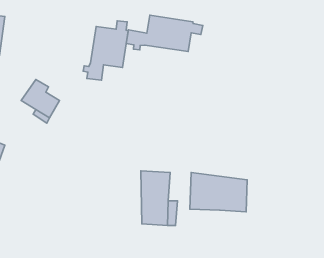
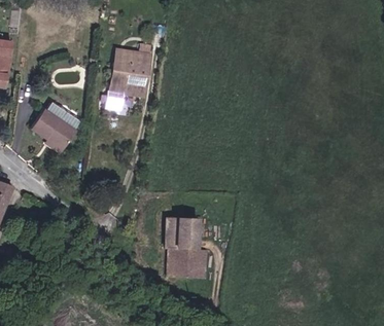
building: [126,15,203,52] -> none
building: [190,172,247,212] -> none

